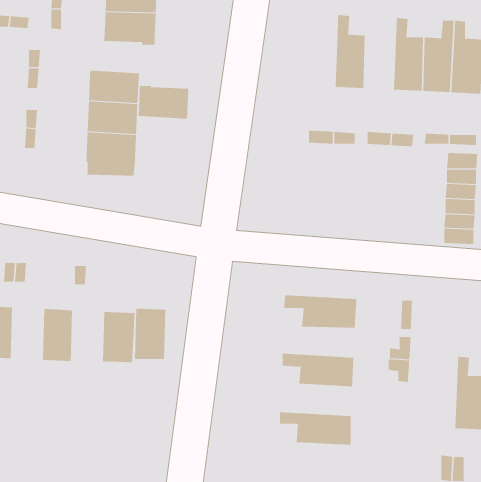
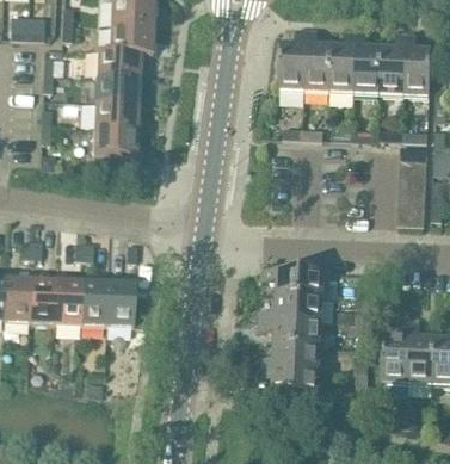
building: none -> [282,27,309,89]
building: none -> [332,30,359,92]
building: [138,86,189,119] -> [97,49,141,78]
building: none -> [30,278,57,323]
building: [134,308,166,360] -> [81,280,109,324]
building: none -> [261,295,325,321]
building: none -> [383,320,412,382]
building: none -> [259,344,322,371]

